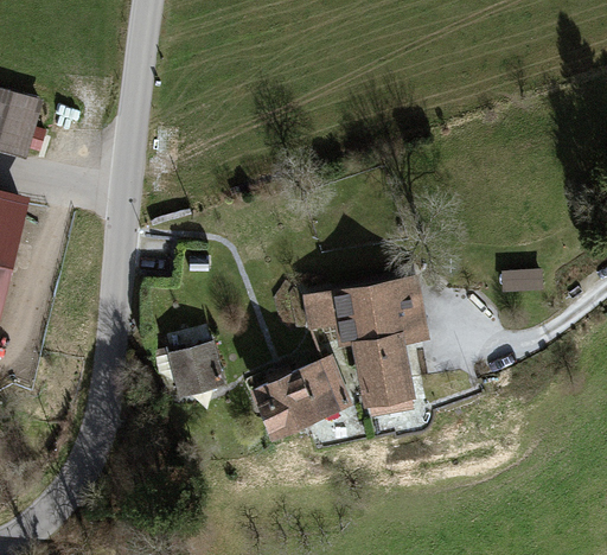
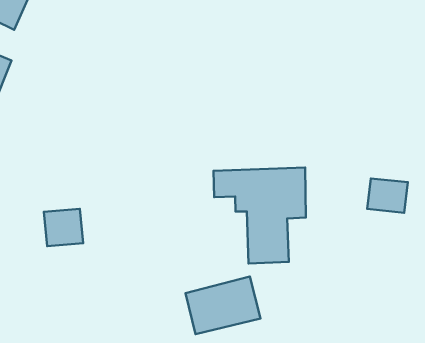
building: [168,340,224,394] -> [44,209,83,246]
building: [251,356,351,439] -> [186,276,261,334]

